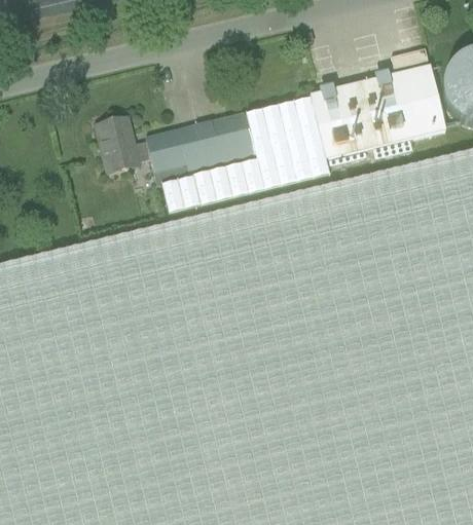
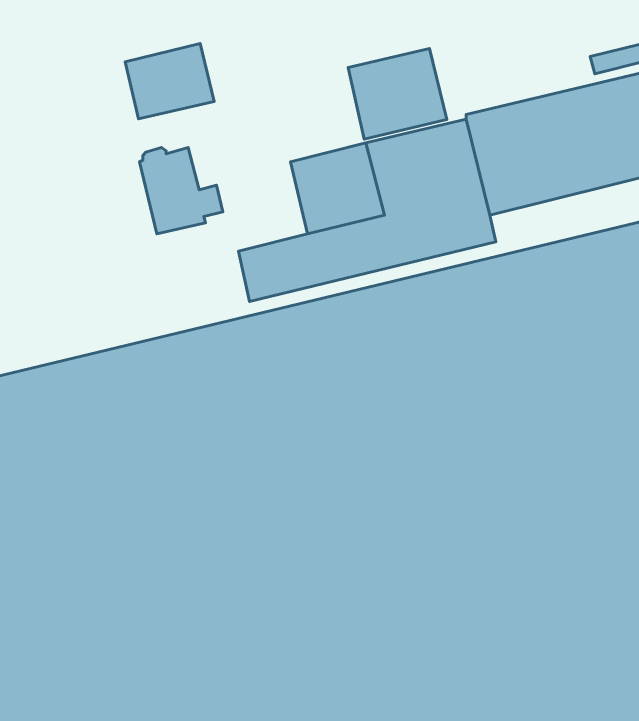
building: none -> [125,44,214,119]
building: none -> [348,49,447,139]
building: [147,123,208,183] -> none

